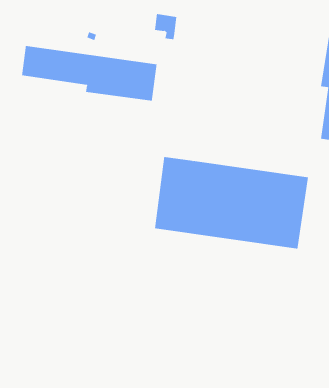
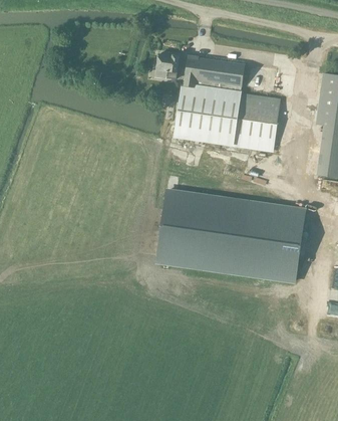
building: none -> [174,55,280,151]
building: [22,45,157,101] -> none

